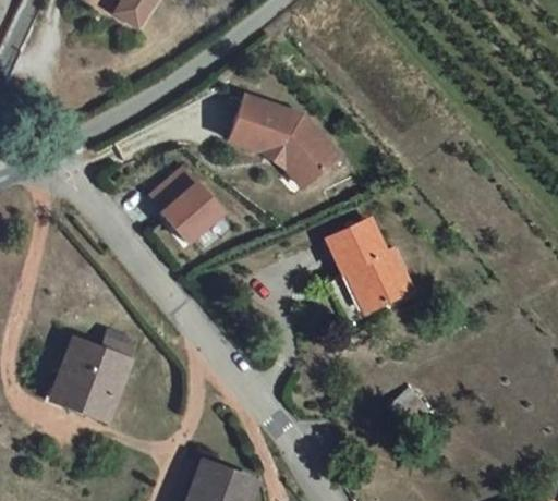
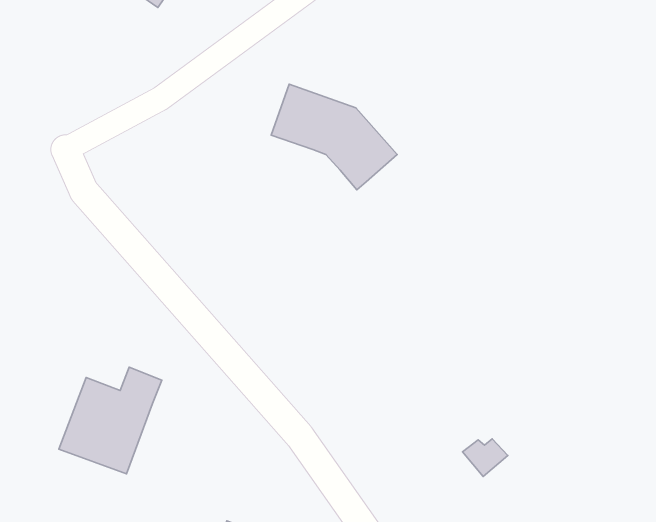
building: [150,166,220,240] -> none
building: [331,229,408,313] -> none

